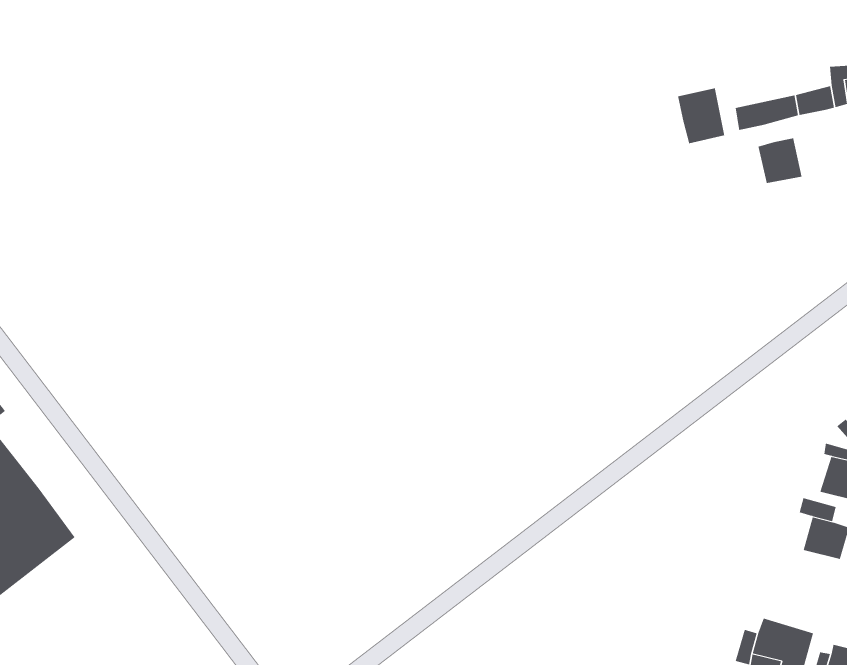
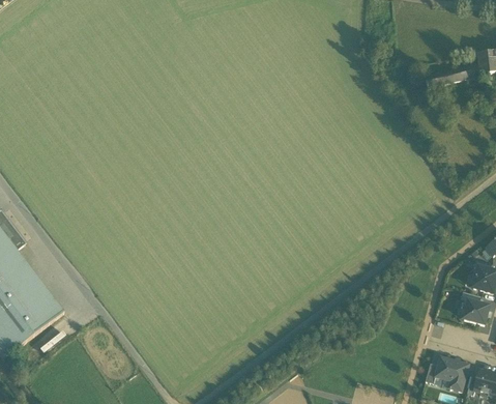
building: [677,88,725,144] -> none
building: [758,137,802,184] -> none

